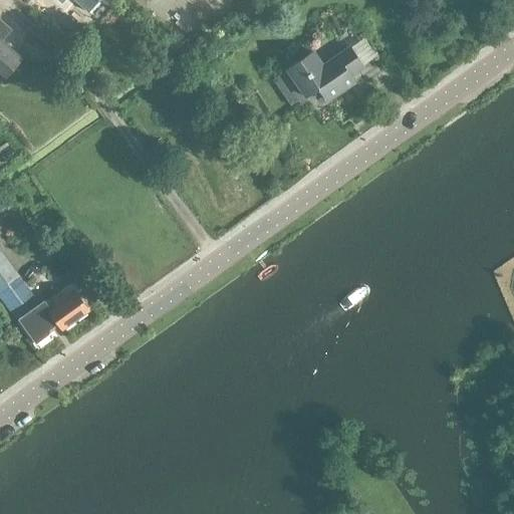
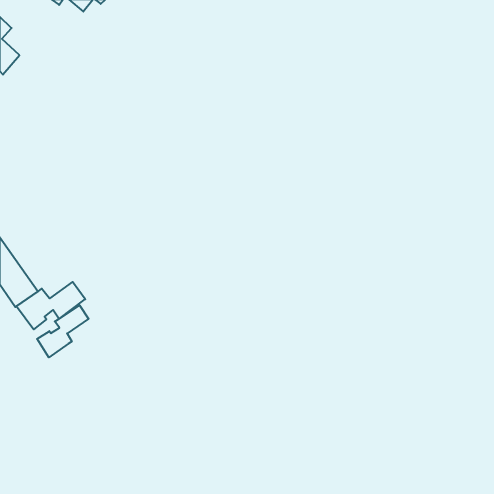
building: [285,46,361,100] -> none
building: none -> [37,305,89,357]

